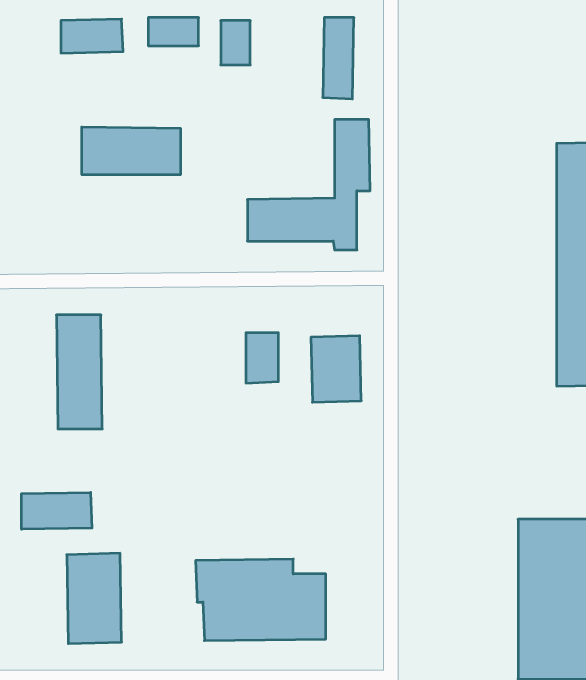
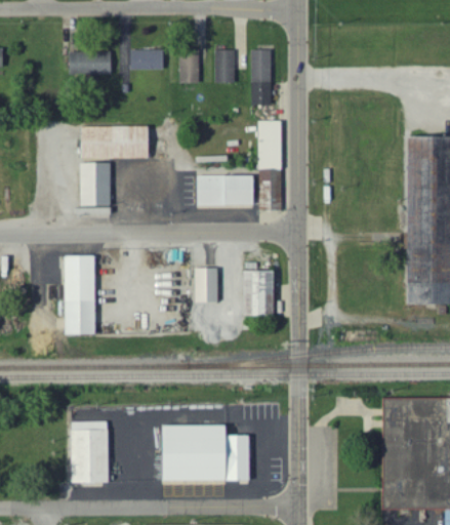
building: none -> [213,49,234,83]
building: none -> [80,162,111,205]
building: [22,492,92,529] -> none

